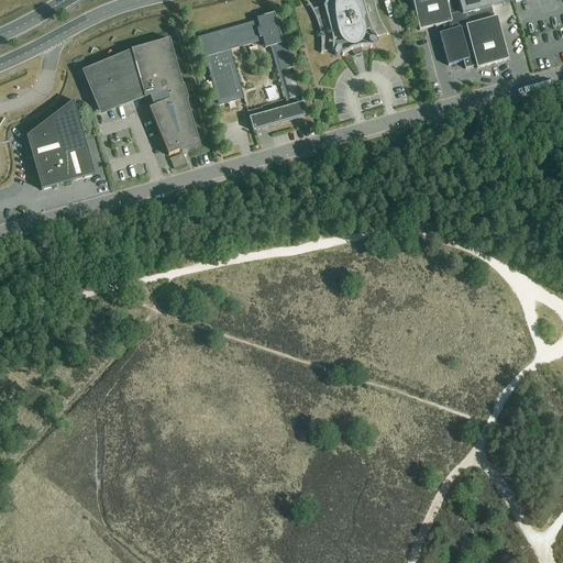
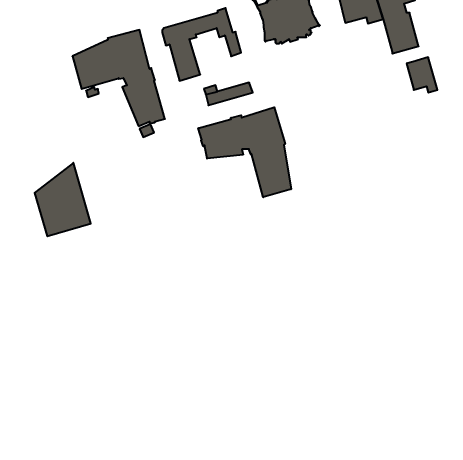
building: [439,23,476,66] -> [407,57,437,93]
building: [26,98,95,187] -> [35,163,91,236]
building: none -> [198,107,291,197]

